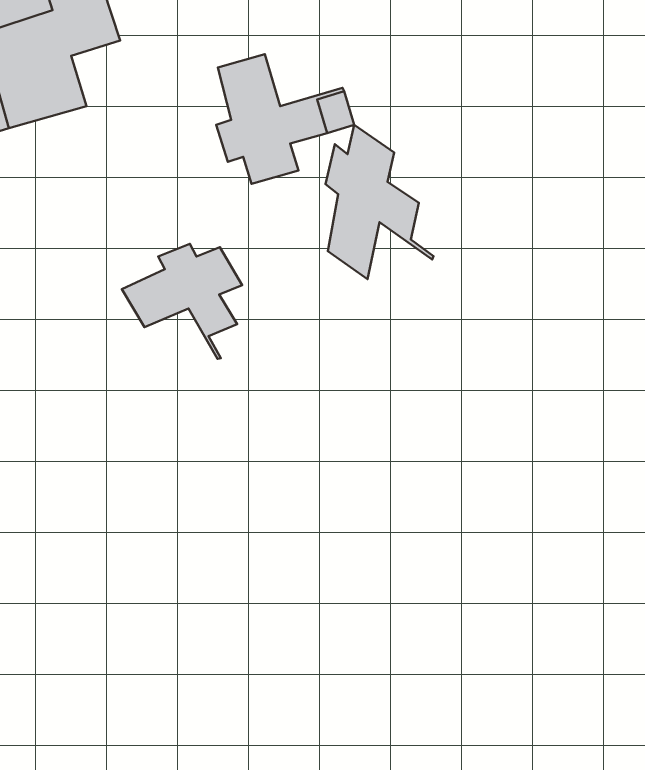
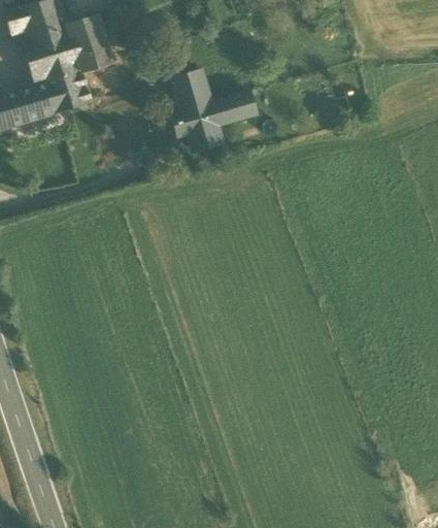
building: [325,125,434,279] -> none
building: [122,244,242,359] -> none

